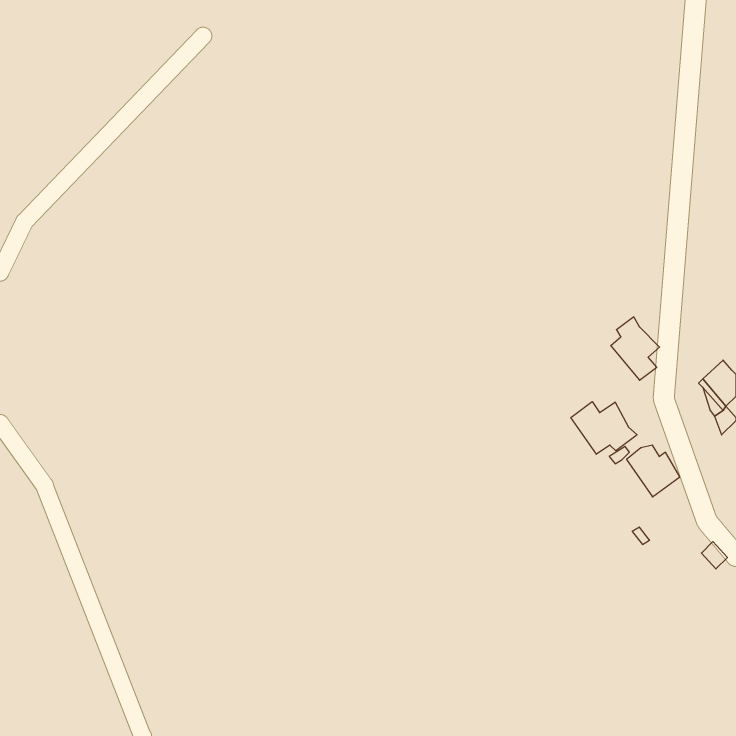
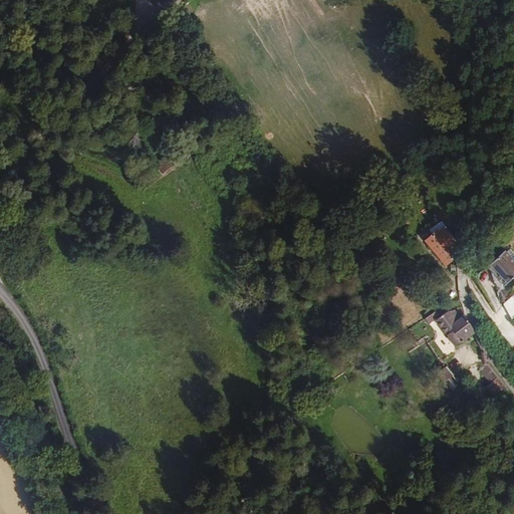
building: [571,402,637,454] -> none

